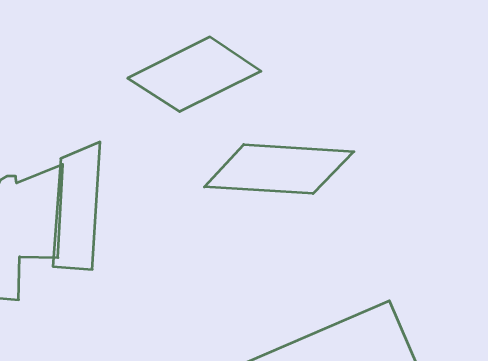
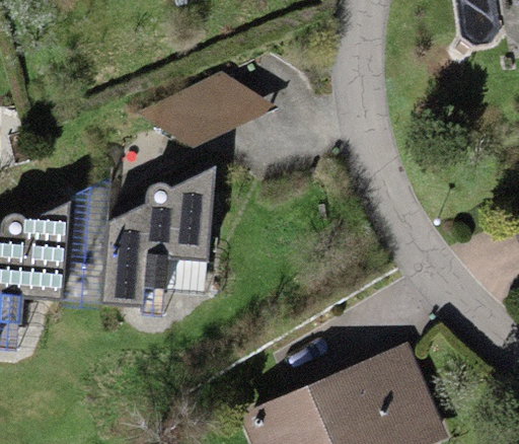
building: none -> [100,167,214,314]
building: [204,144,354,194] -> none

